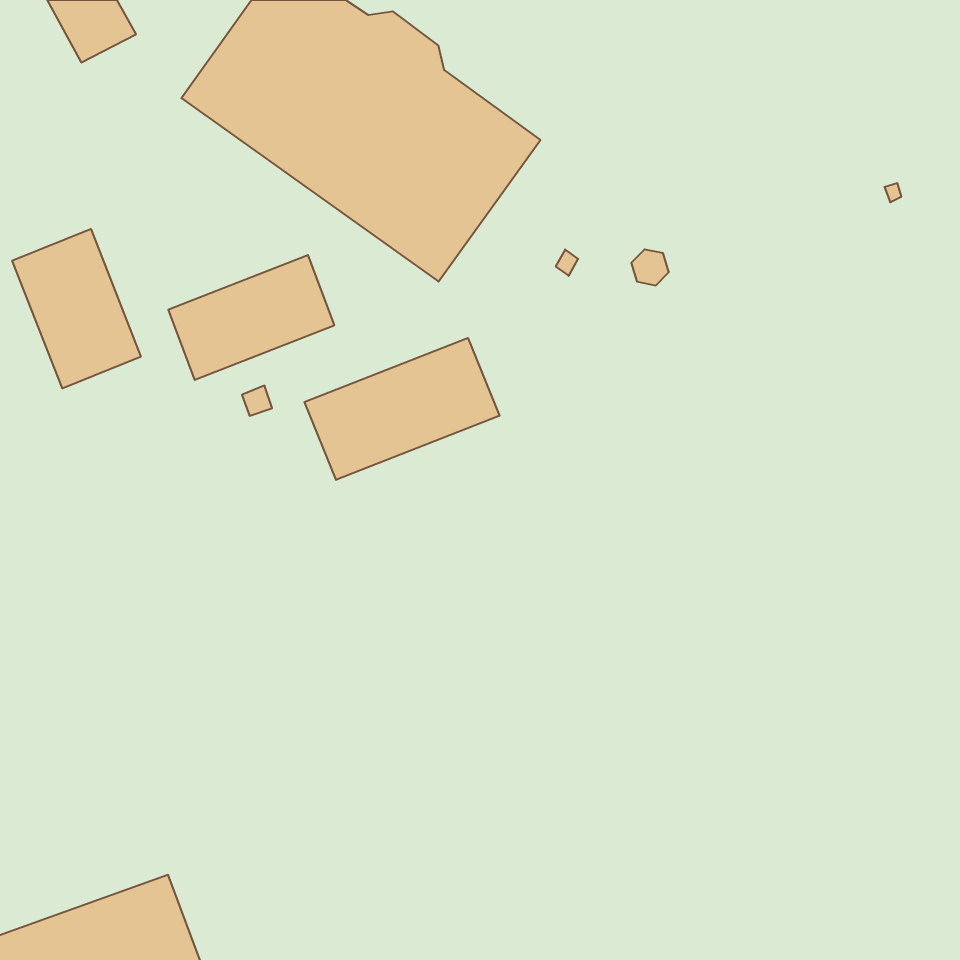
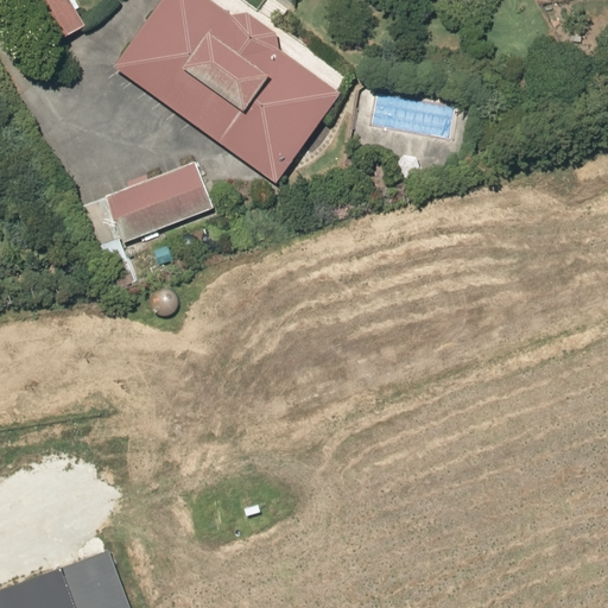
building: [12,229,141,388] -> none
building: [304,338,499,480] -> none

